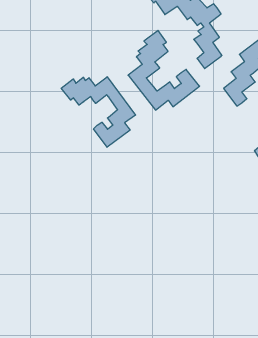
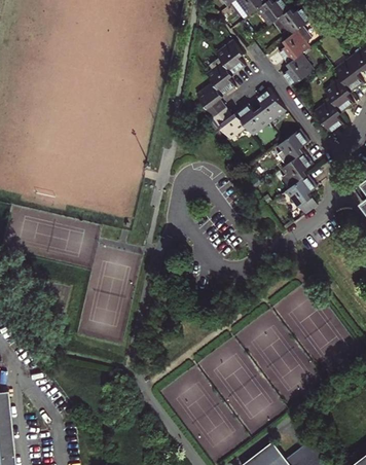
building: [61,77,136,147] -> none
building: none -> [279,130,317,209]

